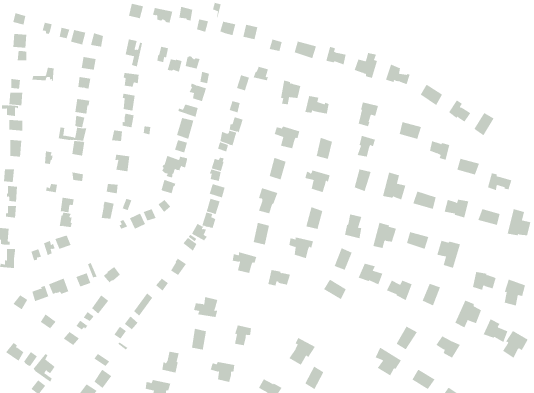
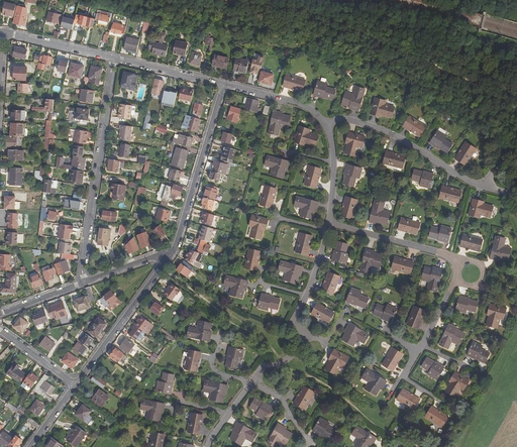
building: none -> [340,322,369,346]
building: [502,330,528,358] -> [443,370,469,398]
building: [289,337,316,366] -> [323,347,349,374]

